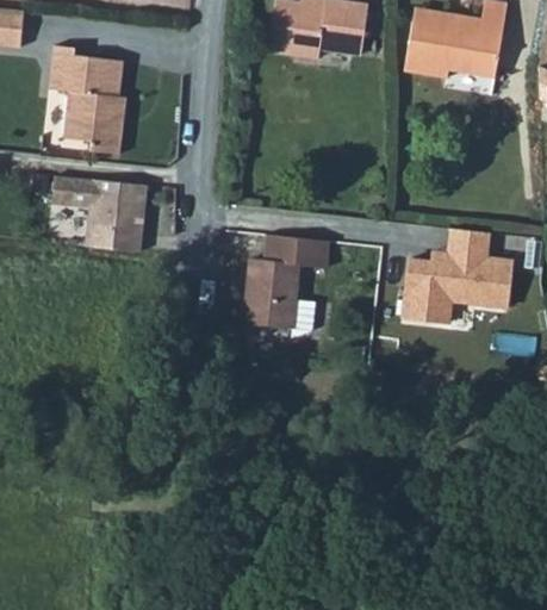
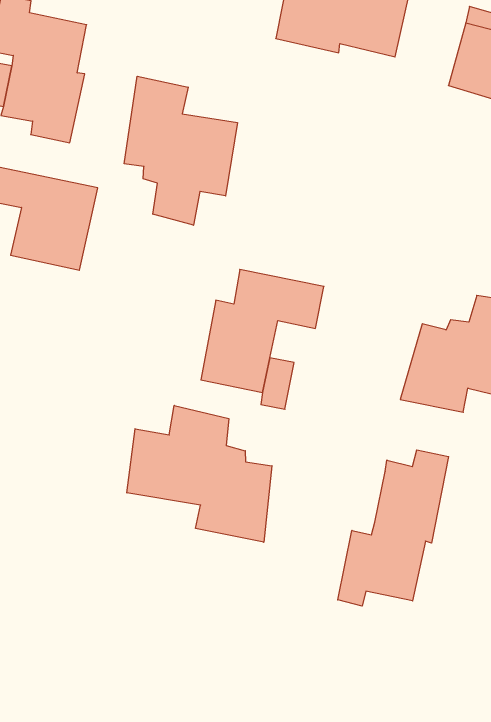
building: none -> [124,76,237,225]
building: none -> [127,405,272,542]
building: none -> [338,450,449,606]

